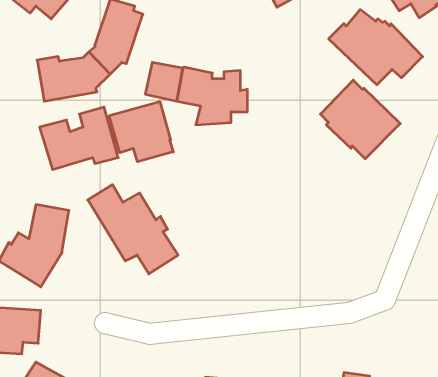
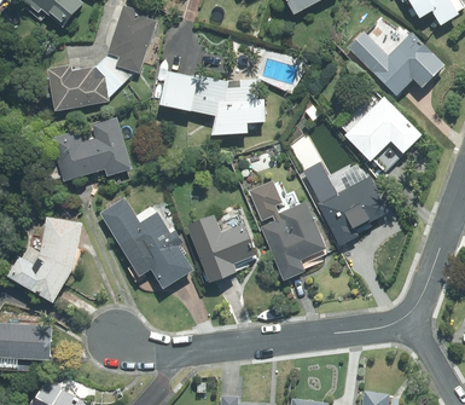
building: [109,102,173,162] -> none
building: none -> [301,160,386,247]
building: none -> [248,181,326,280]
building: none -> [187,215,256,282]

